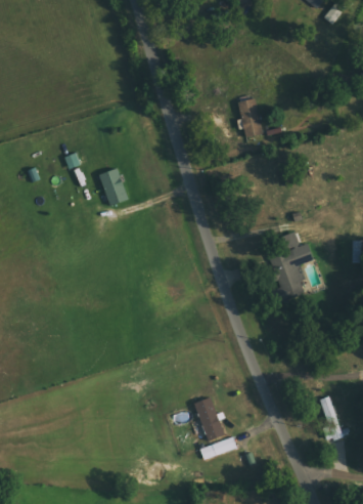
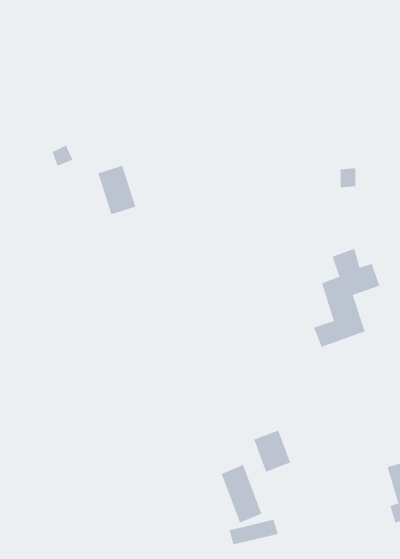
building: [238,98,262,136] -> none
building: none -> [253,430,291,472]

